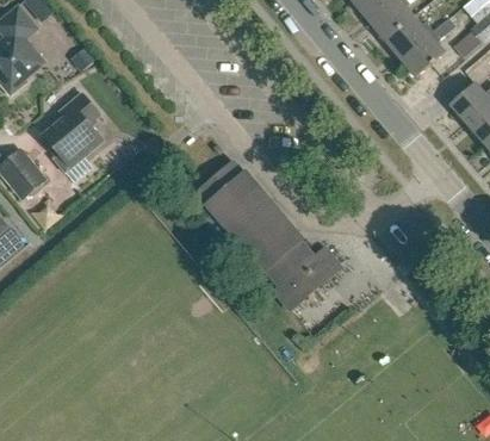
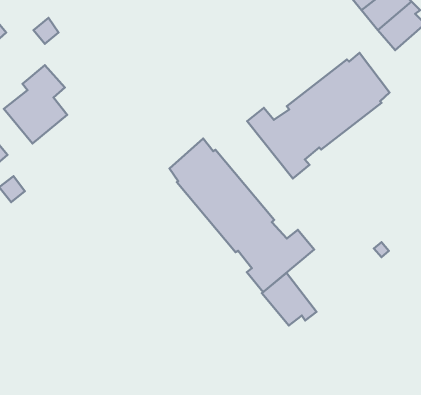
building: none -> [247,53,389,178]
building: none -> [262,273,316,325]

